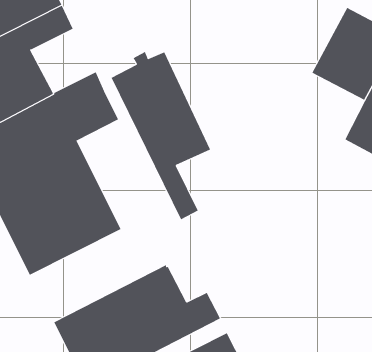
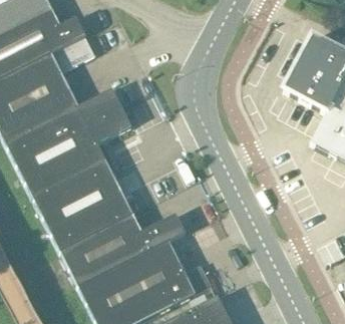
building: [111,51,211,220] -> none
building: none -> [59,214,186,288]

